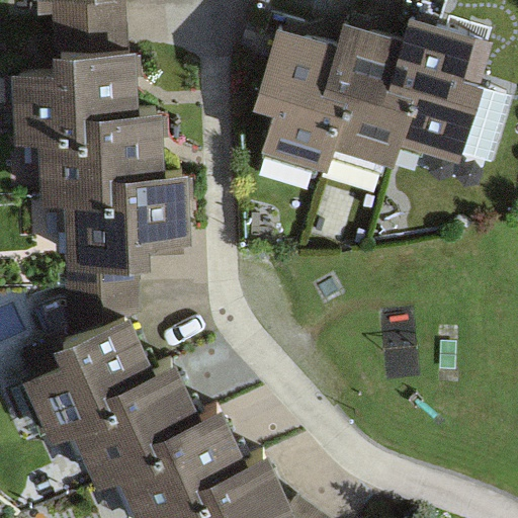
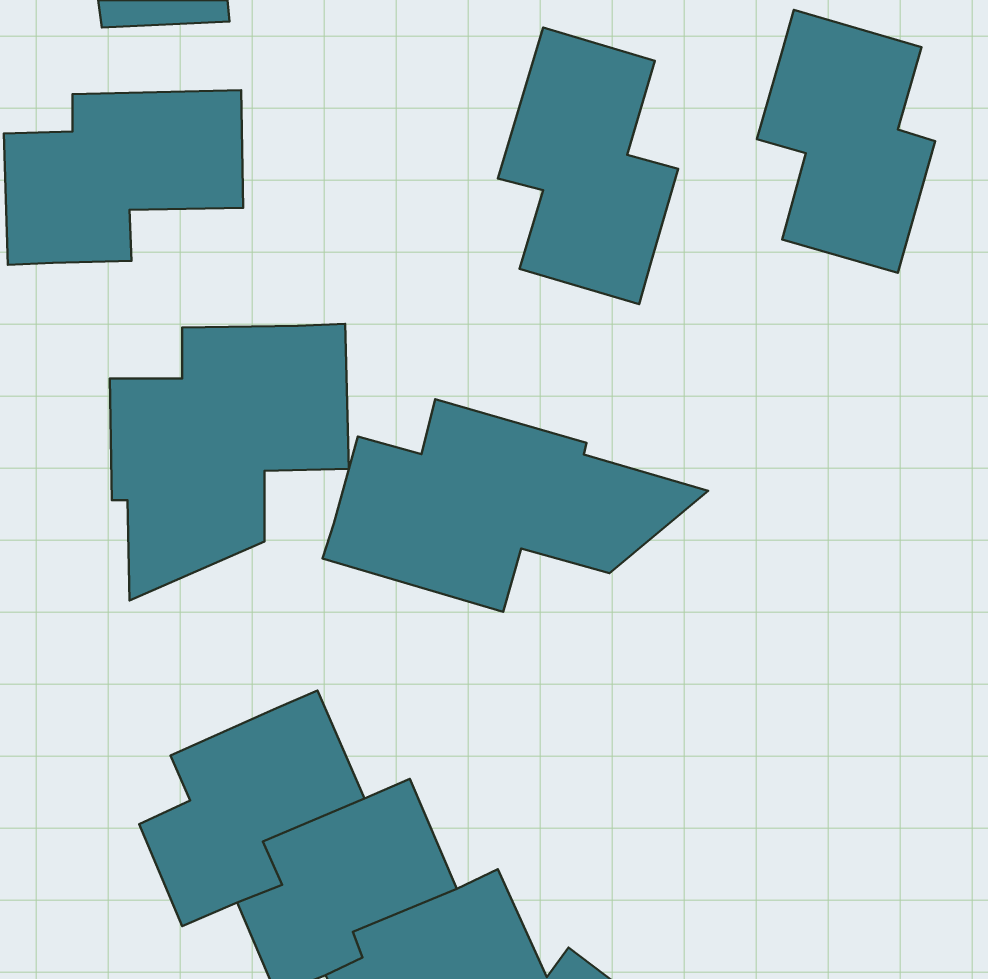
building: [331,21,423,165] -> none
building: [34,118,161,208] -> none
building: none -> [323,399,708,612]
building: [24,324,150,449] -> none

